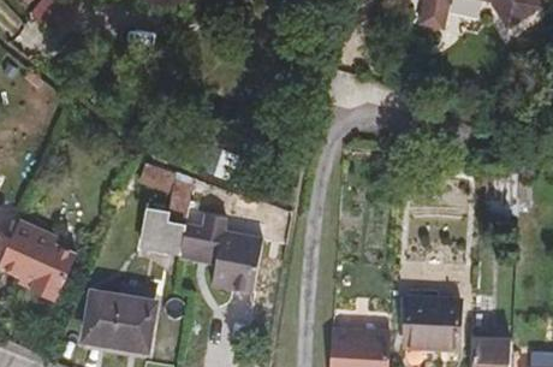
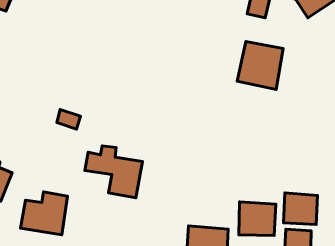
building: none -> [237,41,283,90]
building: [142,176,194,251] -> none
building: none -> [284,193,317,225]

